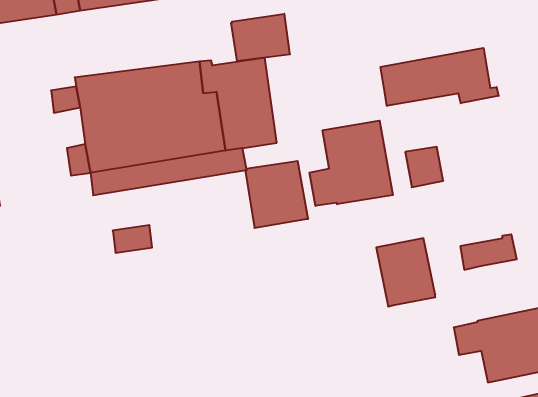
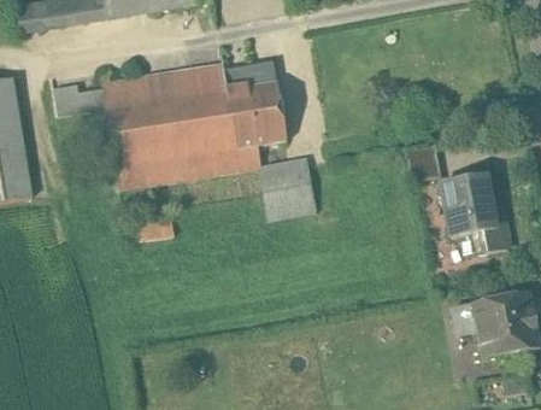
building: [231,14,290,61] -> none
building: [381,48,499,106] -> none
building: none -> [53,83,82,115]
building: [310,121,393,206] -> none
building: [376,238,435,306] -> [440,174,494,236]

